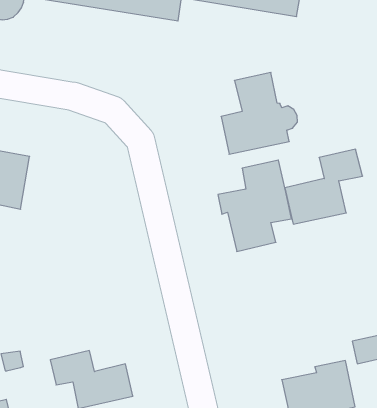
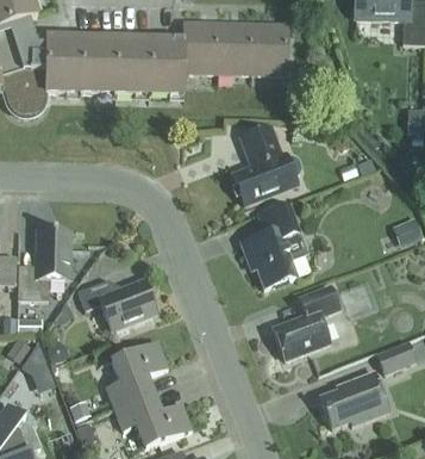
building: [285,149,363,224] -> [273,284,339,358]
building: none -> [77,278,156,328]
building: none -> [106,339,168,407]

